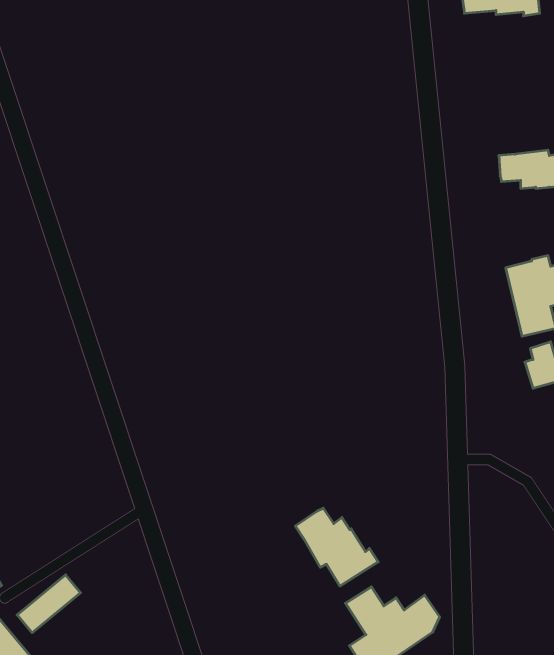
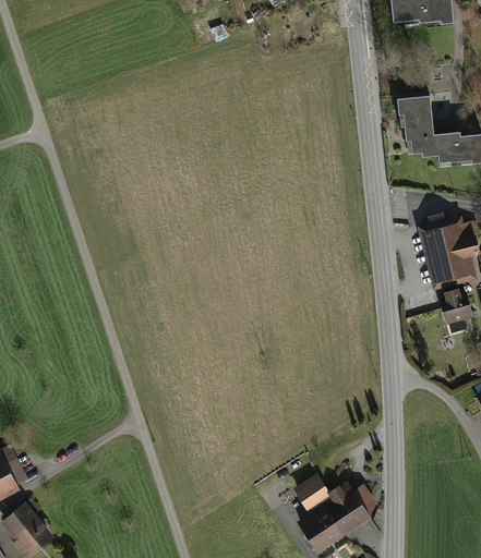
building: none -> [397,95,434,153]
building: [295,508,378,586] -> none
building: [17,575,81,633] -> none

